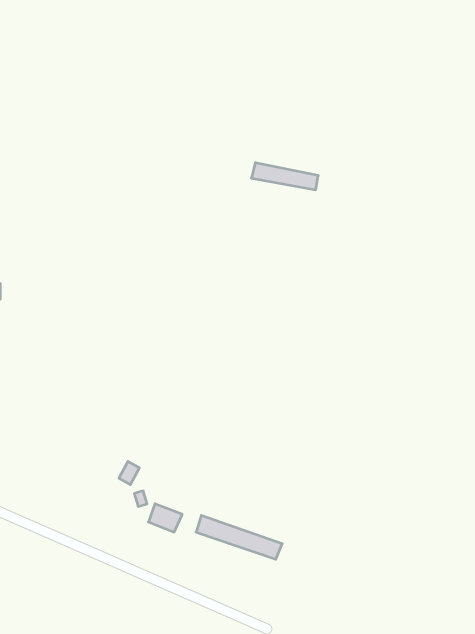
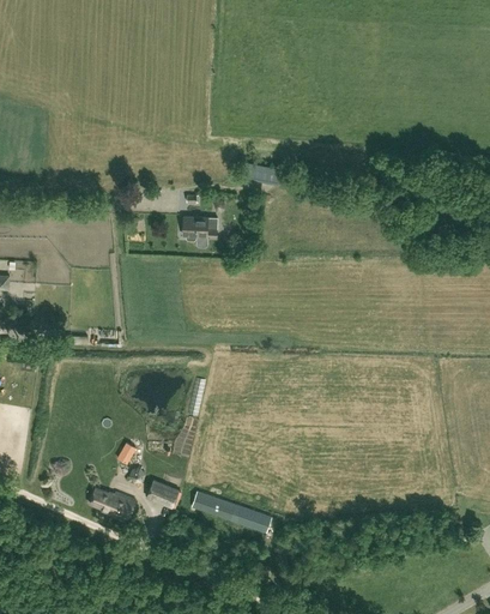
building: none -> [183,217,218,240]
building: none -> [90,488,135,523]

